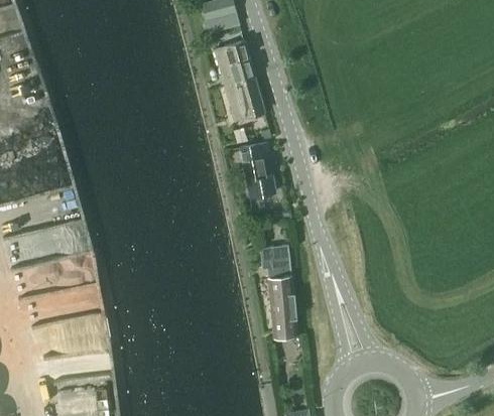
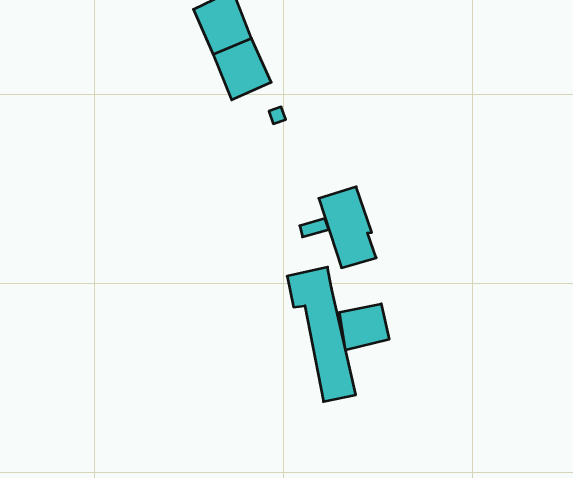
building: [241,142,276,197] -> [319,187,376,268]
building: none -> [339,304,389,350]

